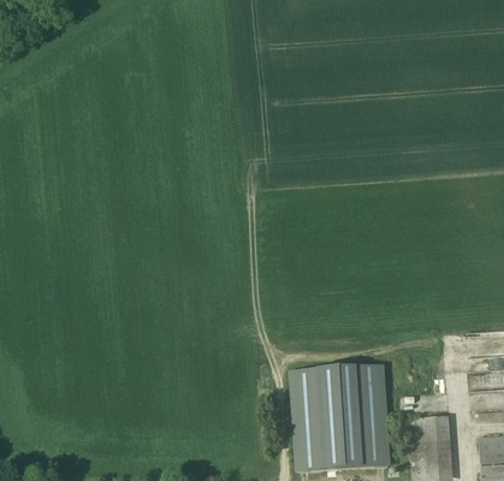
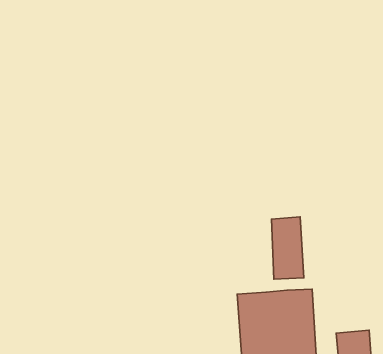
building: none -> [271,217,304,279]

